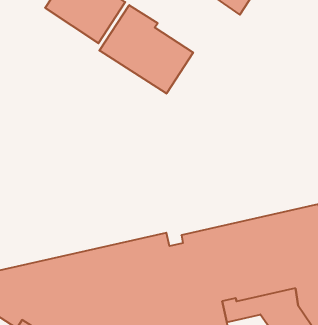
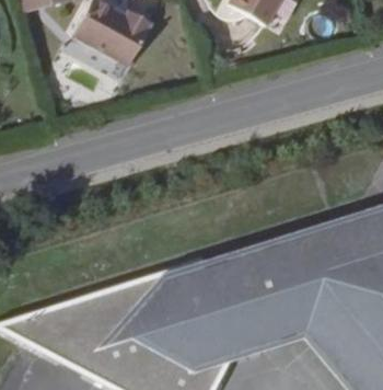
building: [99,5,193,94] -> none

